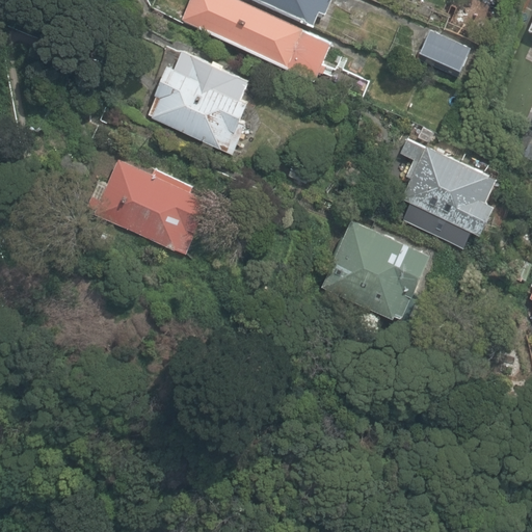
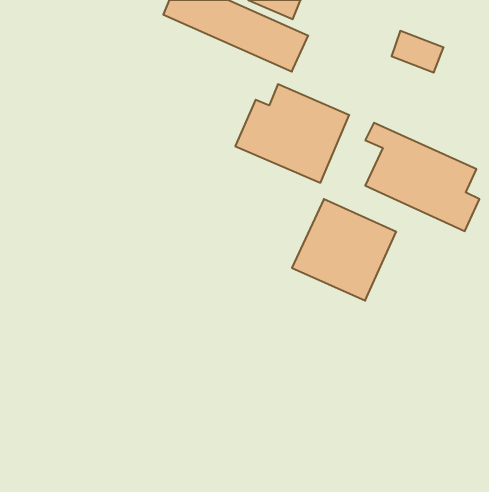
building: [139,50,262,156] -> [235,84,349,183]
building: [79,157,213,256] -> none

